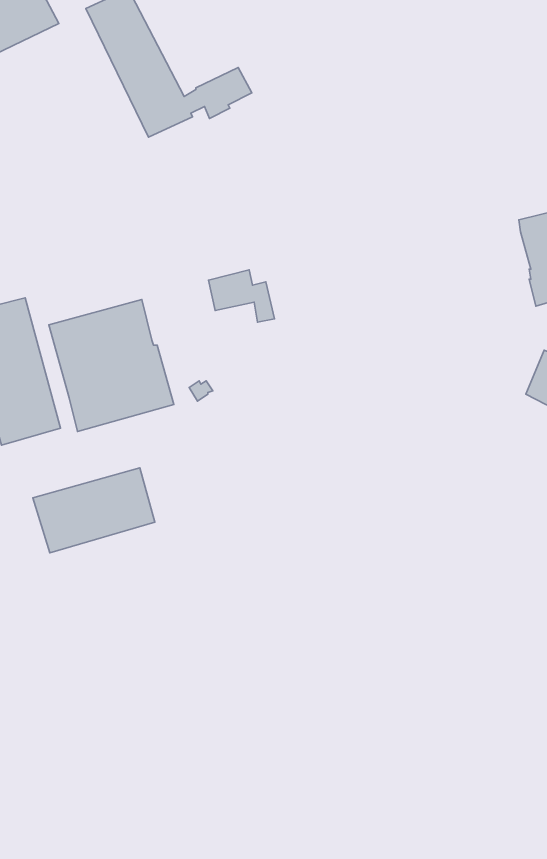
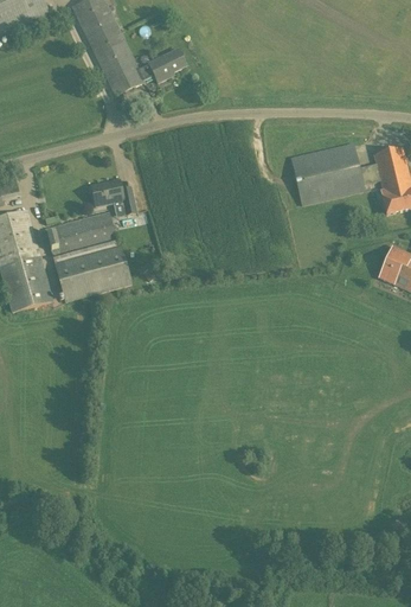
building: none -> [289,142,379,204]
building: [208,270,274,322] -> [90,178,136,215]
building: [33,468,155,553] -> none

